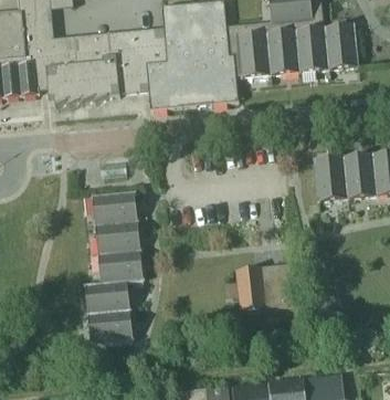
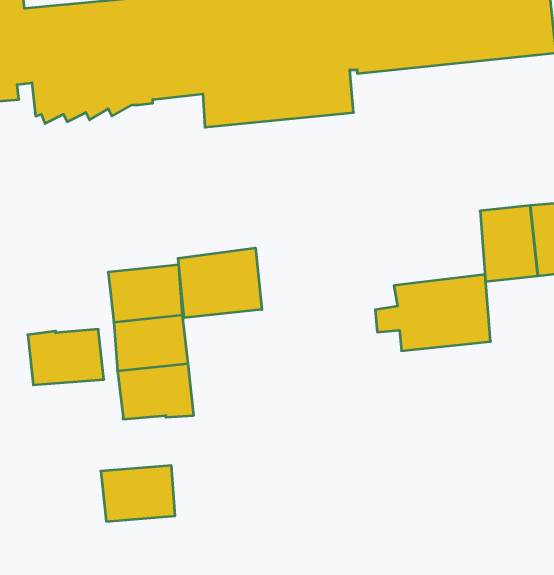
building: none -> [178,248,262,318]
building: [224,264,293,309] -> [375,274,491,351]
building: [85,281,130,314] -> [28,329,104,385]

